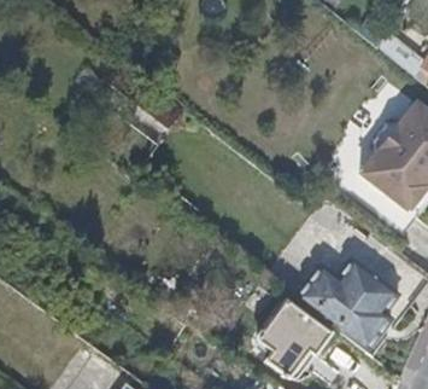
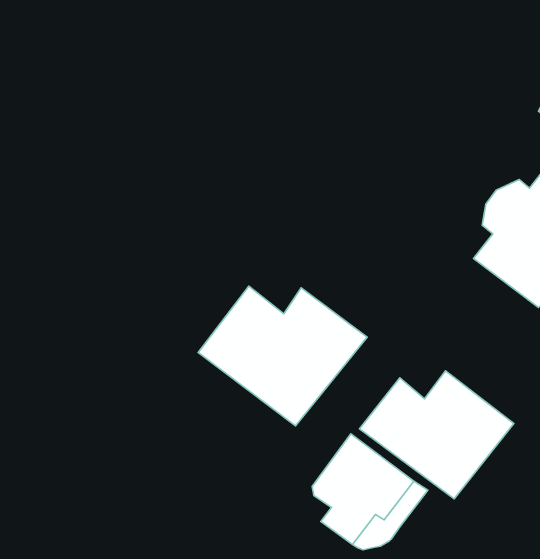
building: none -> [198,286,367,426]

